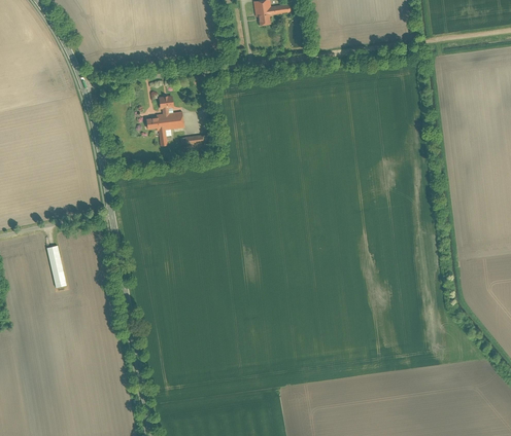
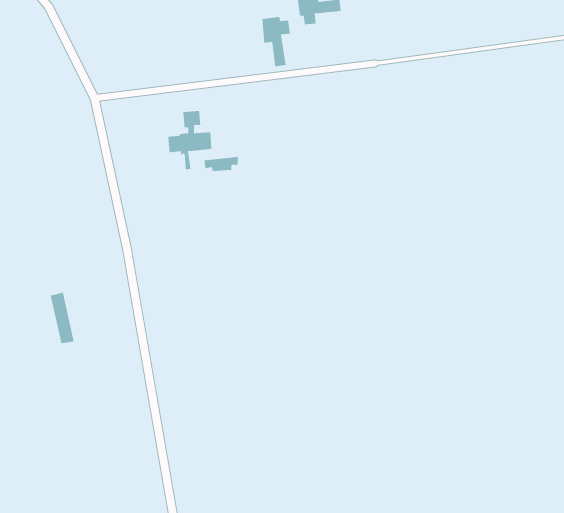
building: none -> [262,16,290,67]

